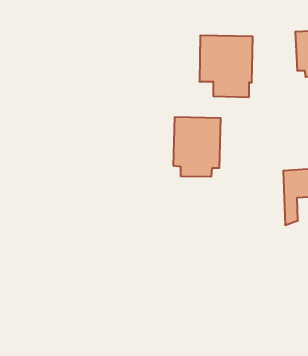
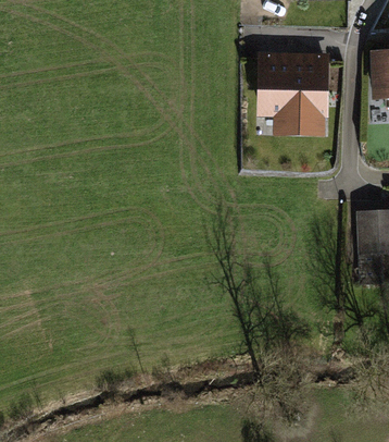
building: [174,117,221,177] -> none

